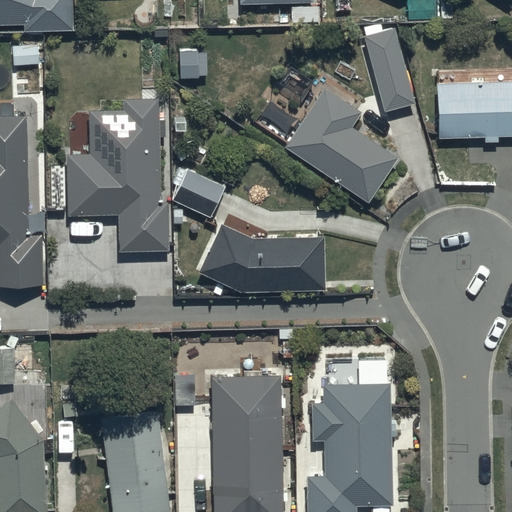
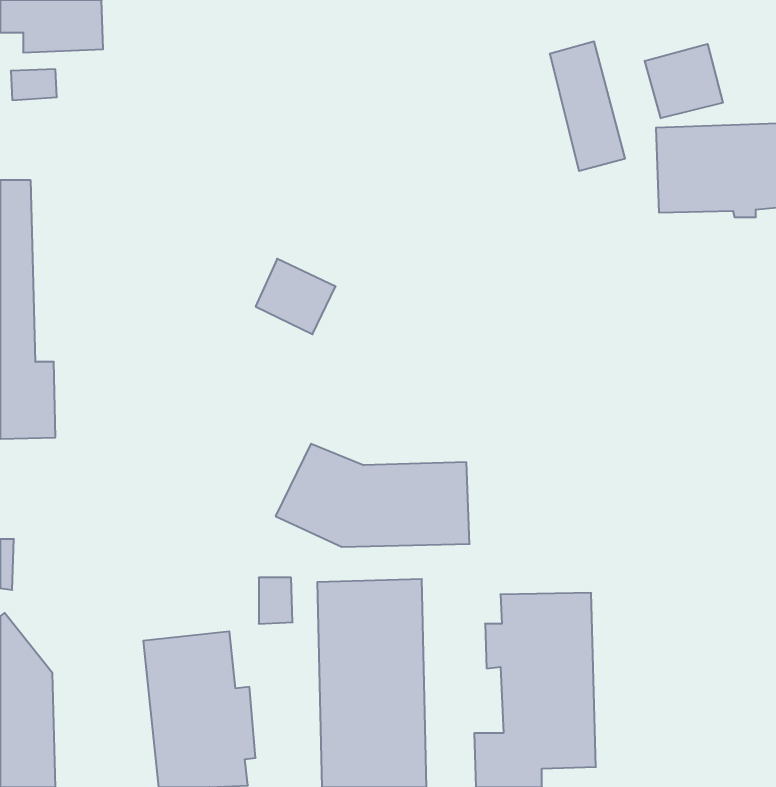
building: none -> [645,44,723,118]
building: [260,67,395,202] -> none
building: [67,100,168,251] -> none
building: [197,224,323,291] -> [276,444,470,547]

